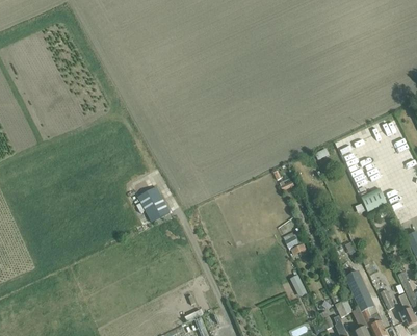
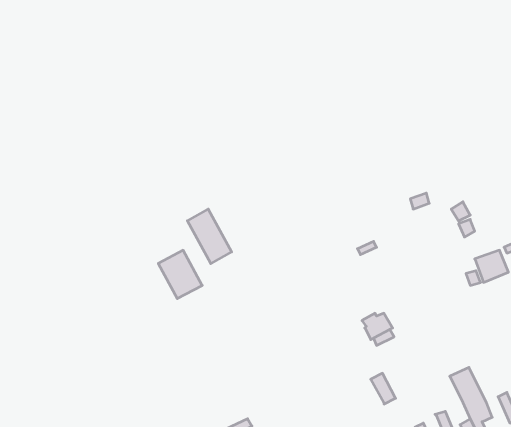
building: none -> [187,209,232,264]

